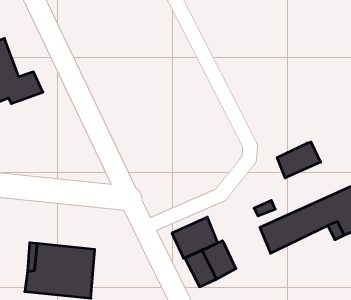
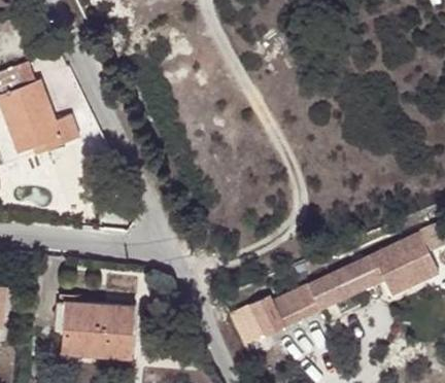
building: [277,142,321,178] -> none
building: [172,217,218,258] -> [274,281,323,325]

